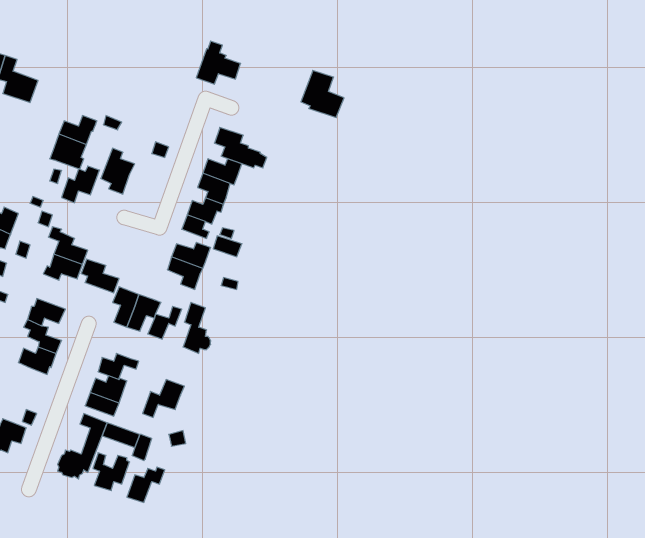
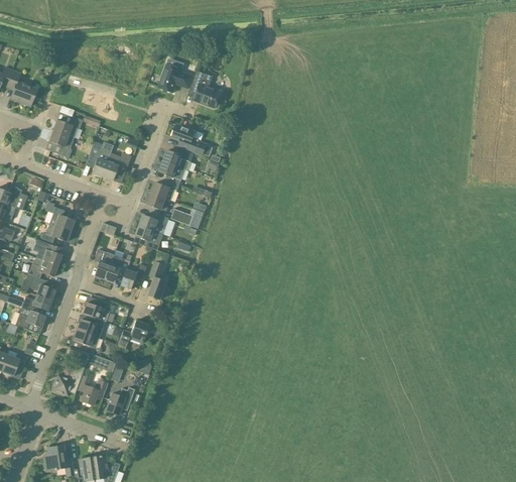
building: [301,70,344,118] -> [187,71,221,107]
building: [62,166,100,203] -> [102,152,131,180]
building: [81,259,119,293] -> [32,239,61,265]
building: none -> [14,307,44,329]

